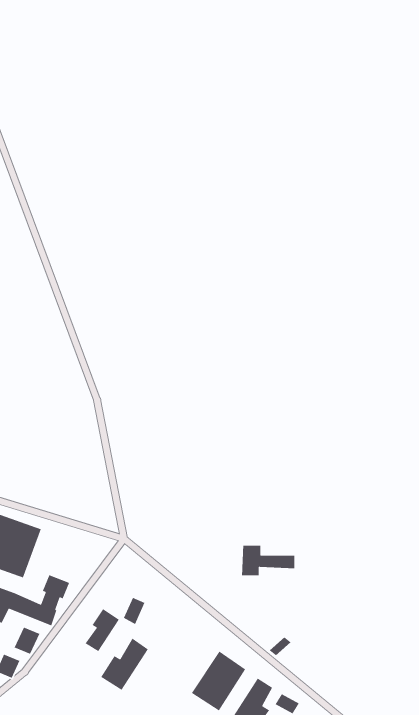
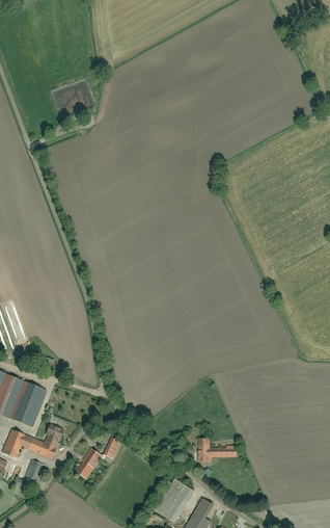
building: [241,545,295,576] -> [196,440,236,463]
building: [100,637,149,691] -> none

